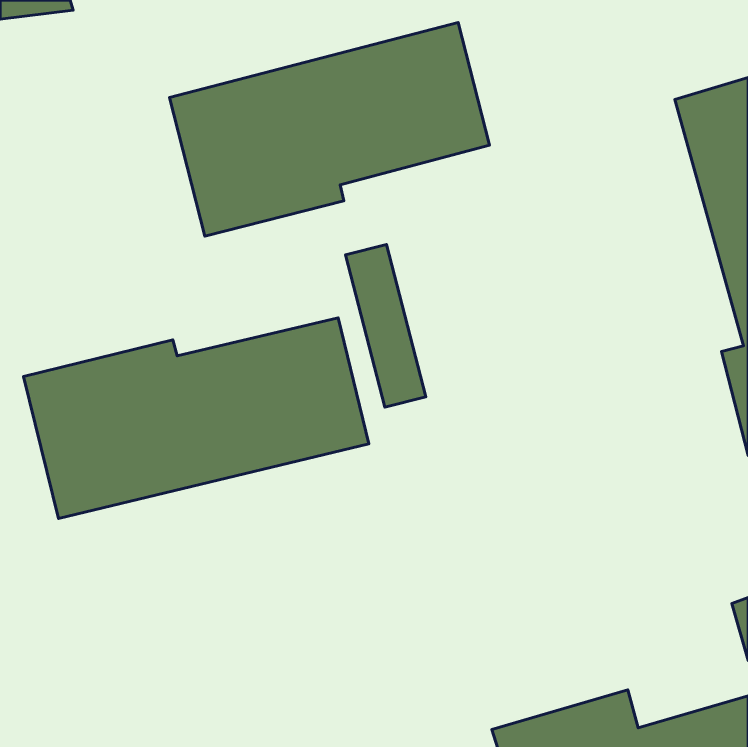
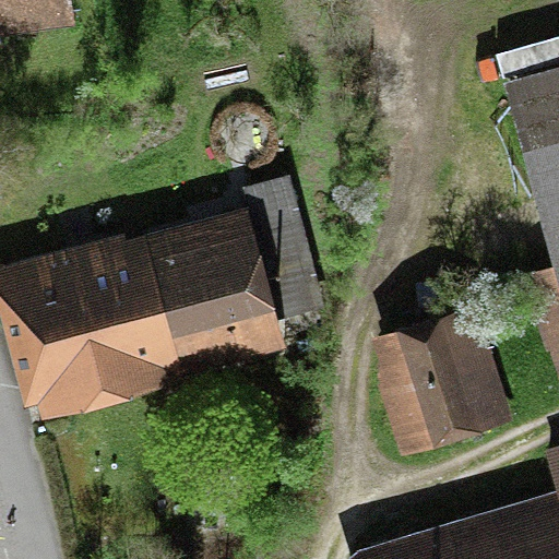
building: [170,23,490,236] -> none
building: none -> [397,331,493,433]

